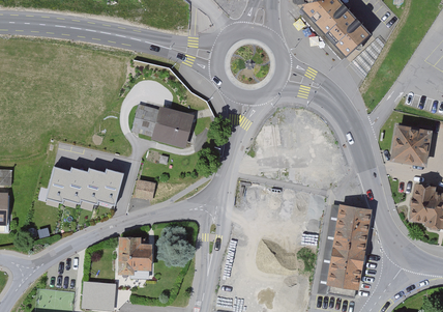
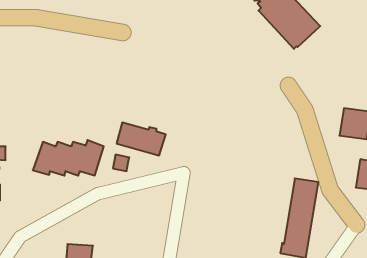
building: [132,106,188,143] -> [117,123,166,155]
building: [121,237,151,278] -> none

